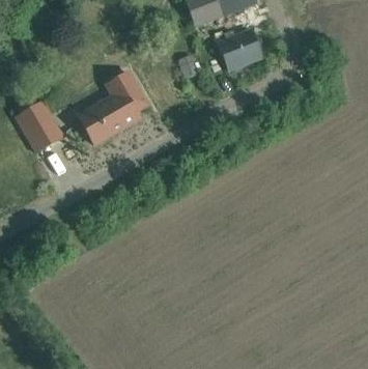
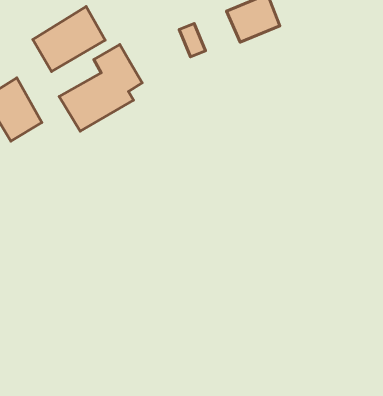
building: none -> [33,6,105,71]

